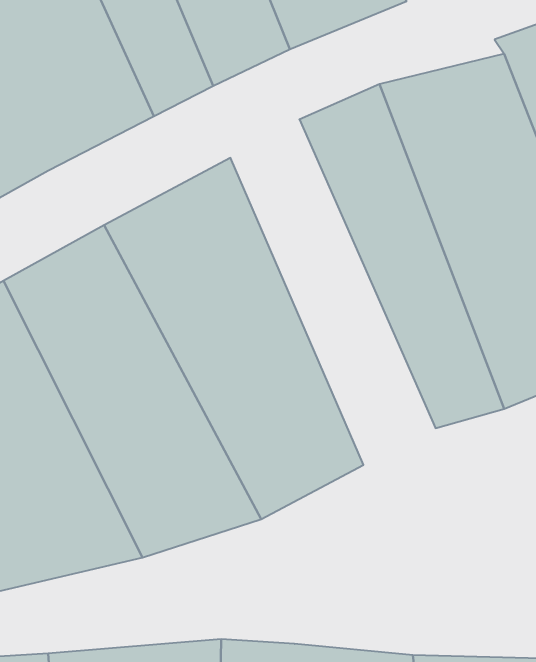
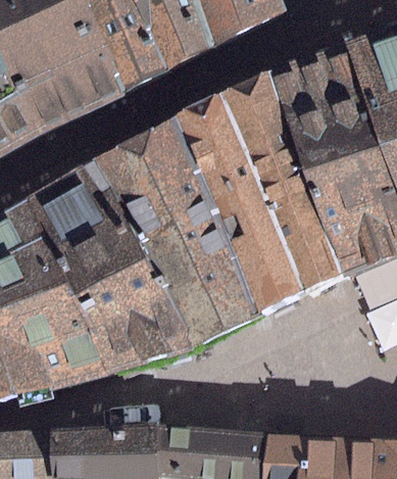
building: none -> [175,93,305,314]

